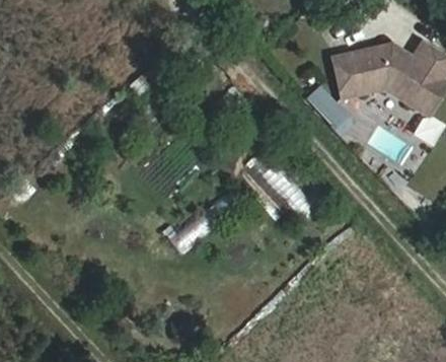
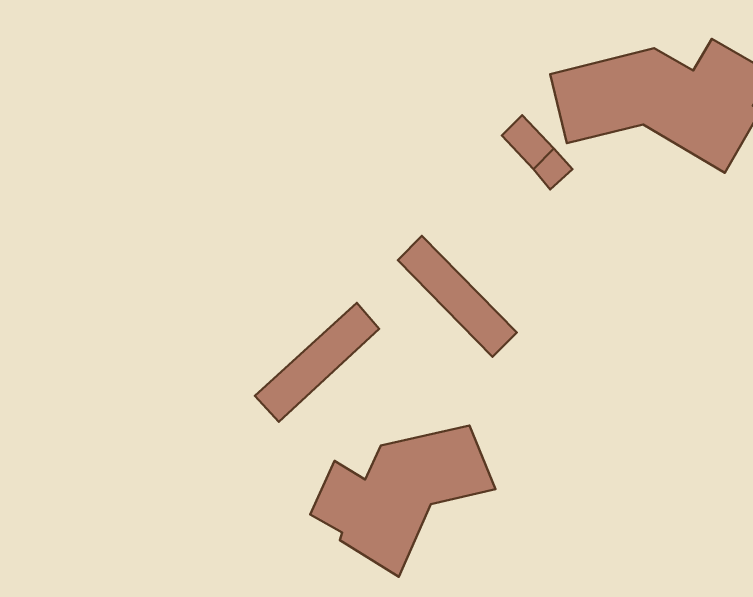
building: none -> [310,426,495,577]

